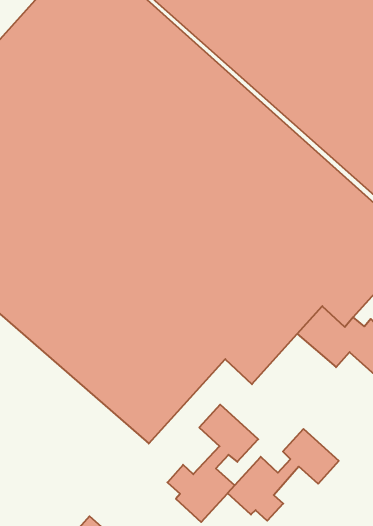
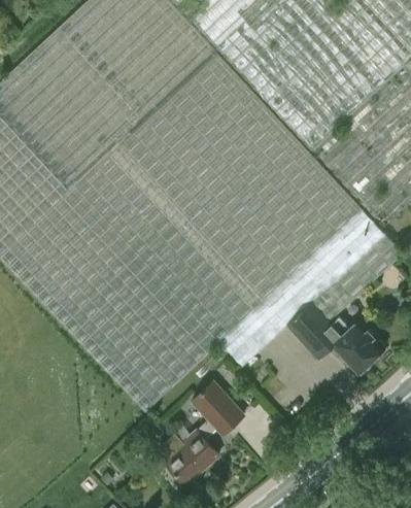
building: [228,429,339,521] -> none

